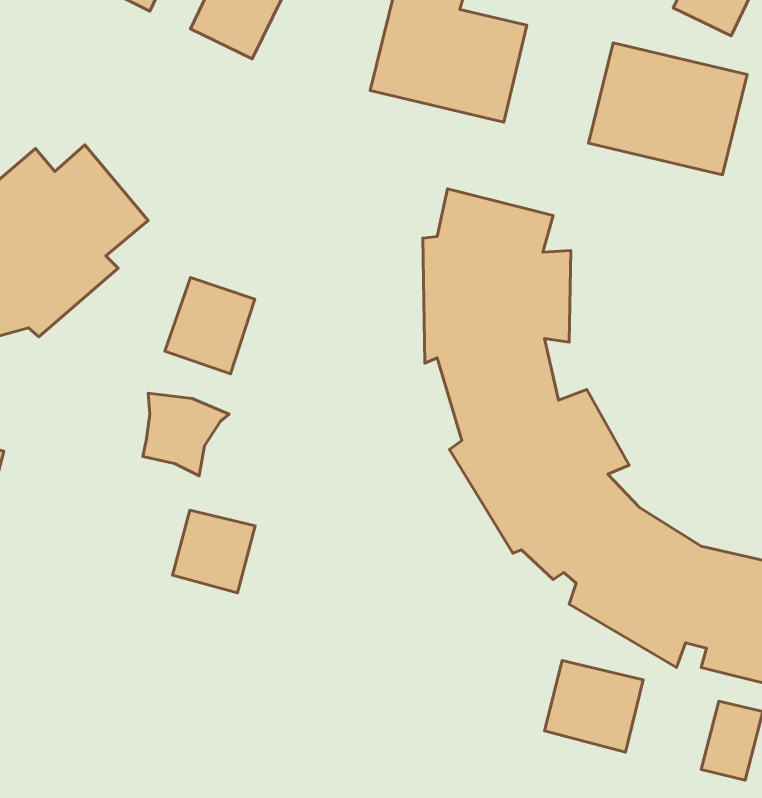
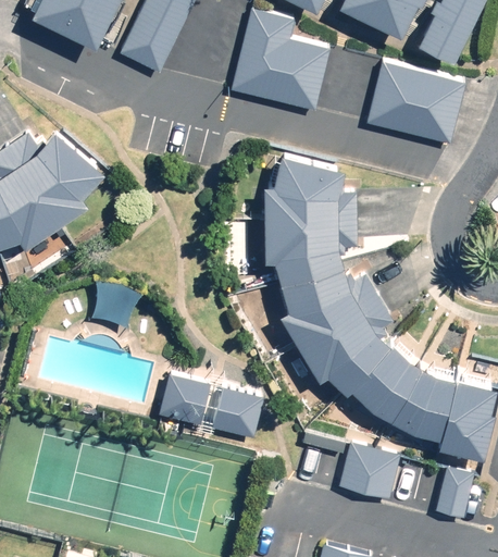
building: [165,278,255,374] -> none
building: [172,510,255,593] -> [159,374,210,425]
building: none -> [213,388,263,440]

